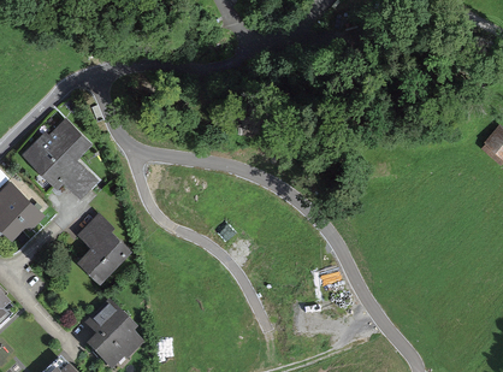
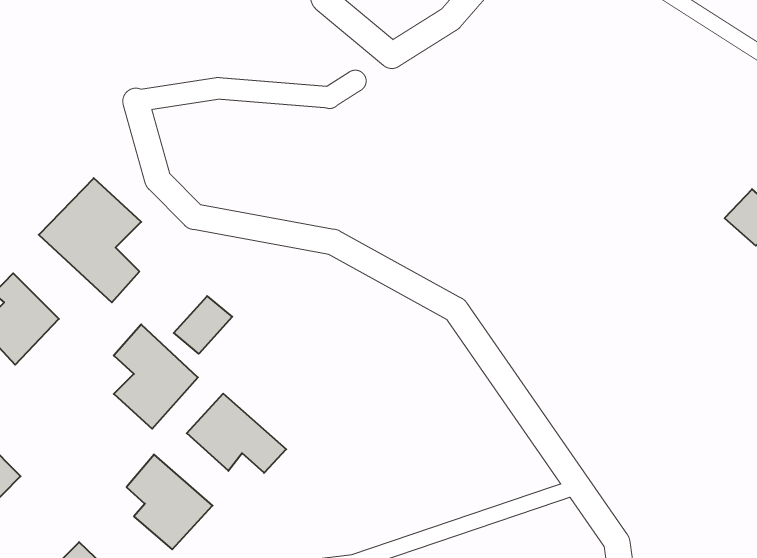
building: none -> [174,296,232,354]
building: none -> [187,394,286,473]

